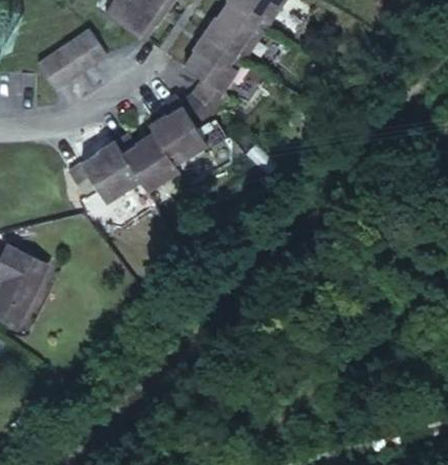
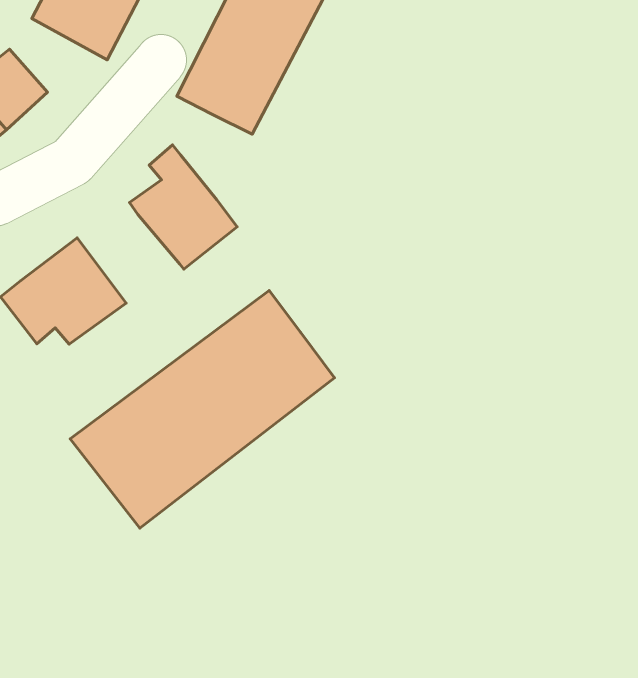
building: [174,80,223,129] -> none
building: [111,133,168,184] -> none
building: none -> [70,290,334,528]

